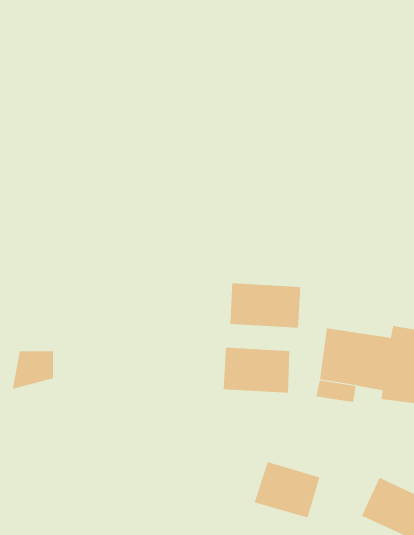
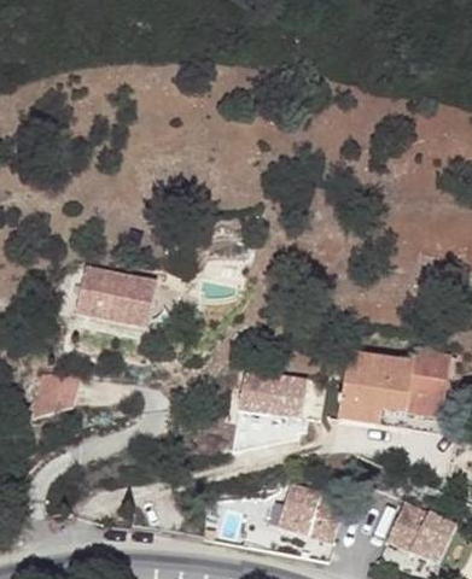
building: none -> [75,265,155,324]
building: [230,283,301,328] -> none

